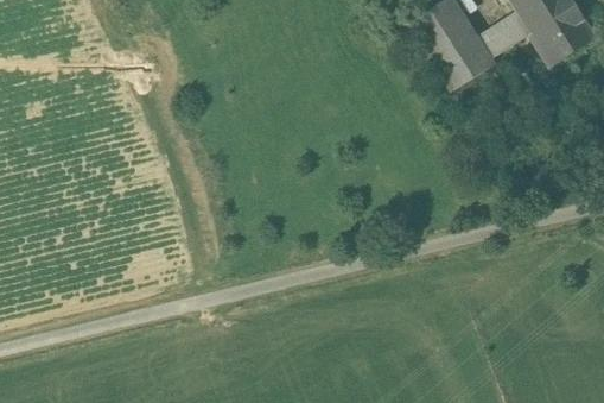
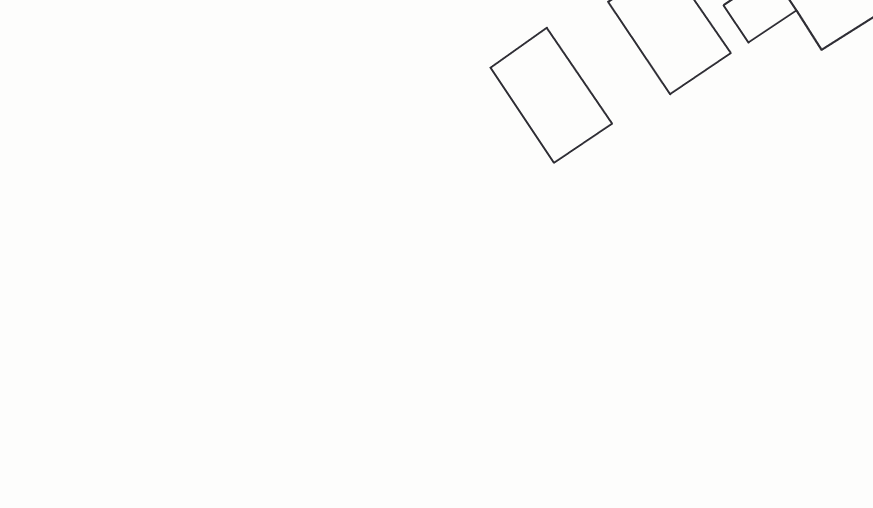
building: none -> [490,28,612,163]

